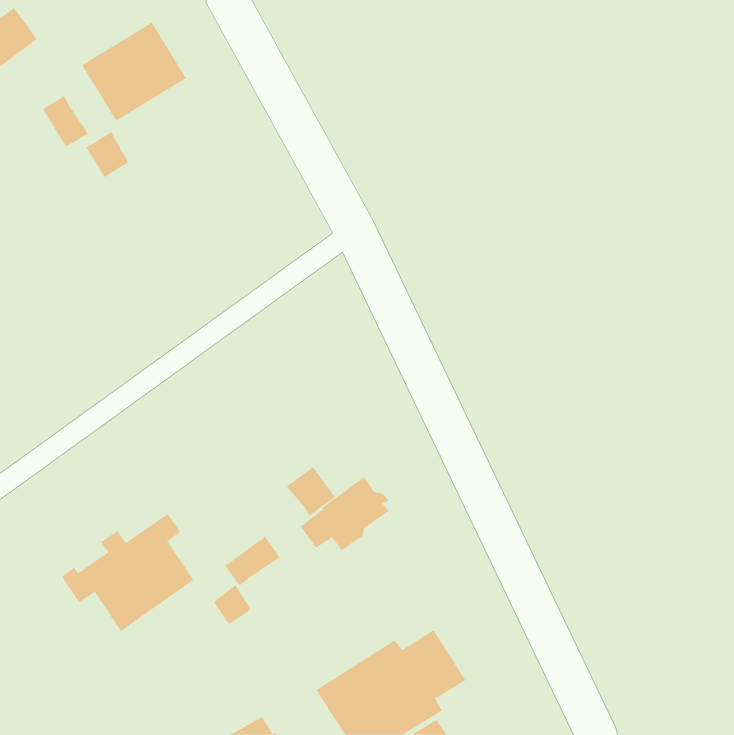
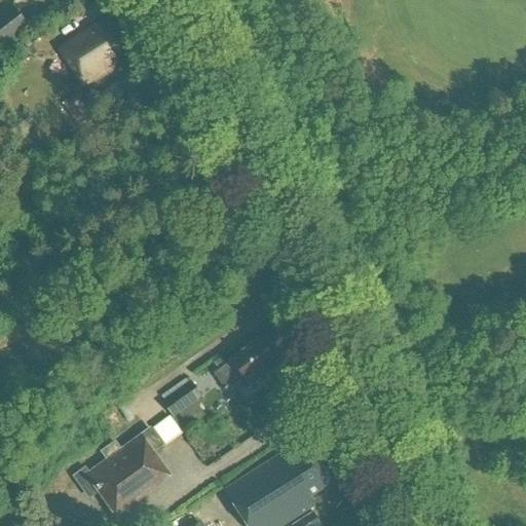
building: [42,95,89,148] -> none
building: [286,466,336,516] -> none
building: [61,513,194,632] -> [74,430,168,515]

